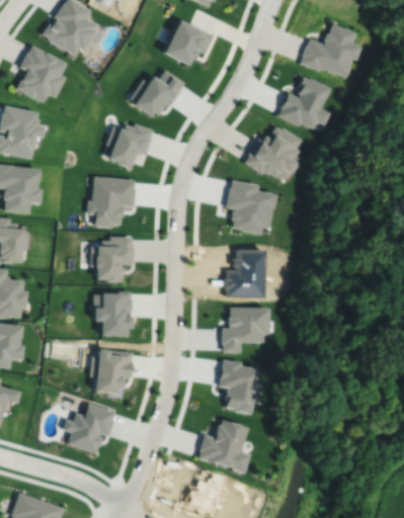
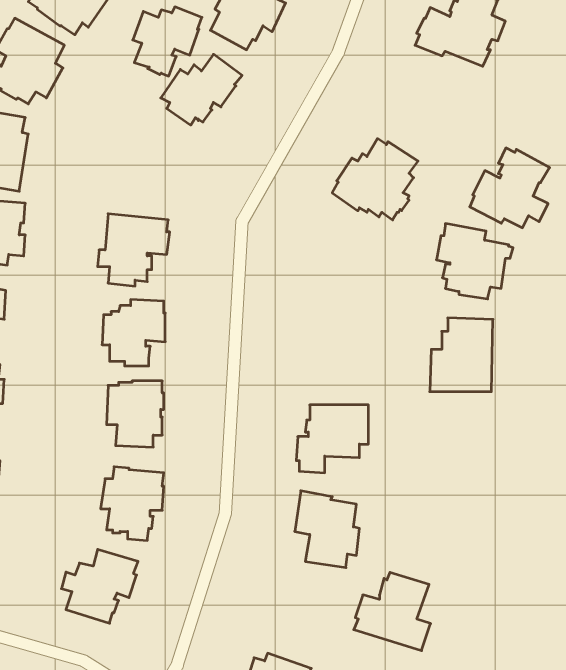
building: [278,77,332,131] -> [470,148,550,228]
building: [106,123,153,170] -> [133,7,202,76]
building: [226,181,277,232] -> [436,224,513,299]
building: [226,251,268,300] -> [430,318,493,392]
building: [197,419,249,471] -> [354,572,431,651]

